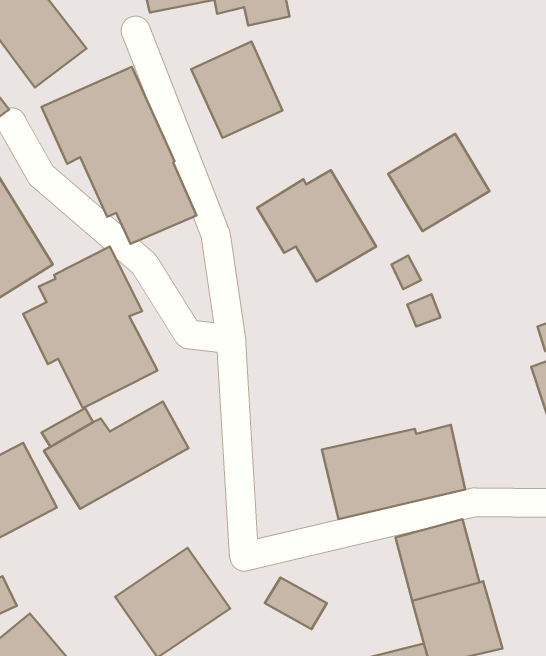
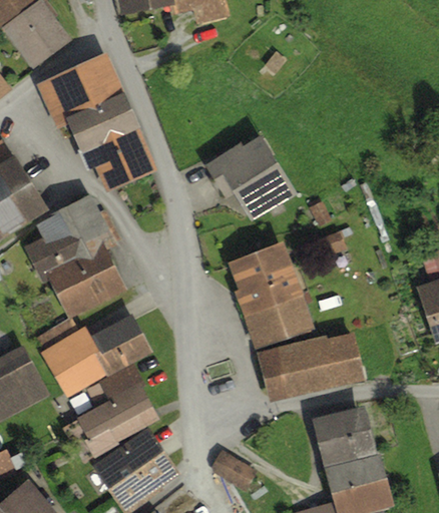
building: [191,42,283,138] -> none
building: [388,134,489,231] -> none
building: none -> [228,242,313,347]
building: none -> [64,368,161,465]

